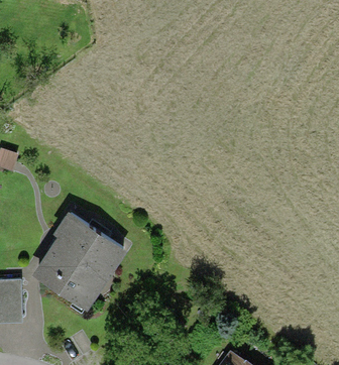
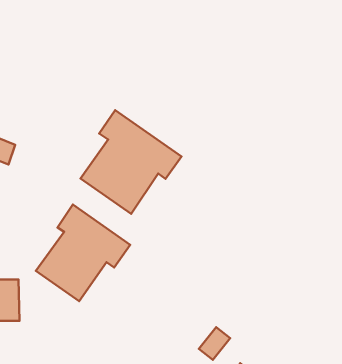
building: none -> [81,110,182,214]

